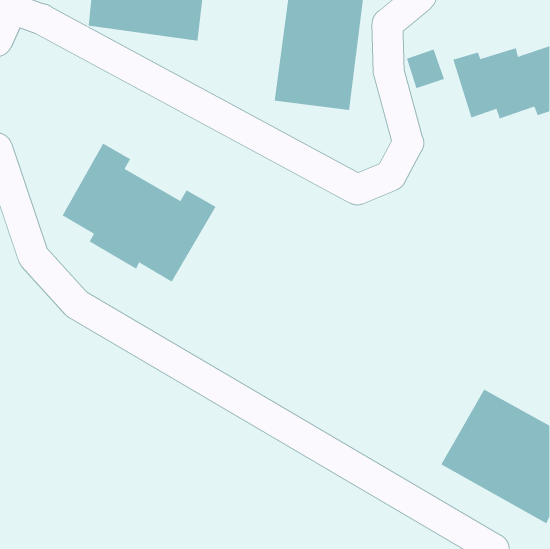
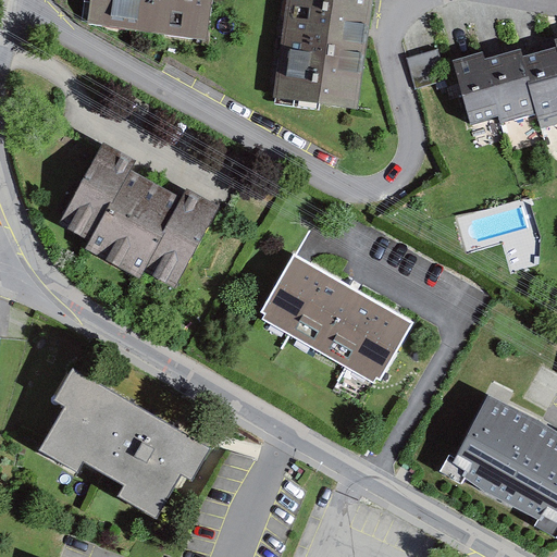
building: none -> [261,265,407,386]
building: none -> [39,363,211,513]

